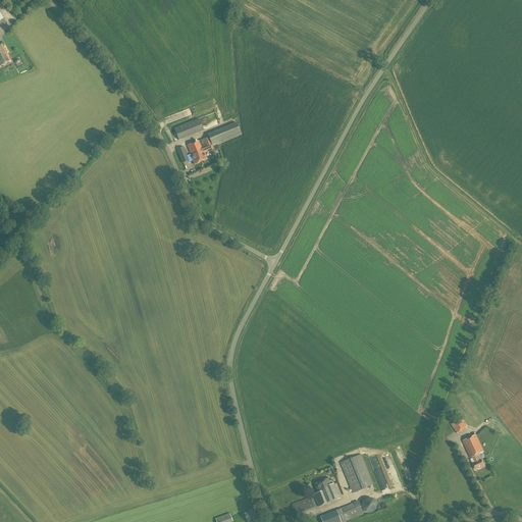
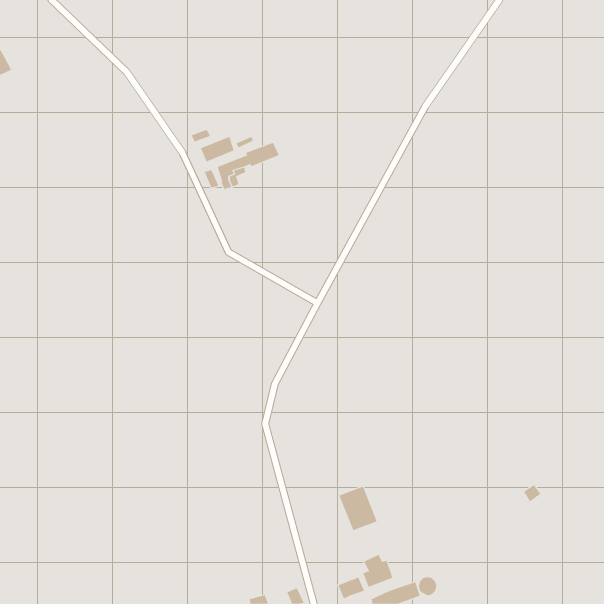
building: [462,433,483,469] -> none
building: [338,454,372,492] -> [339,486,378,531]

